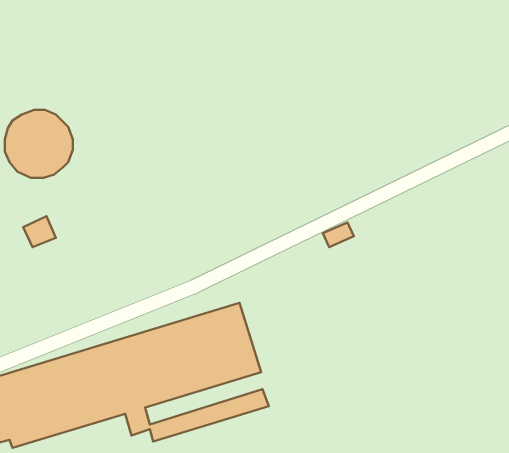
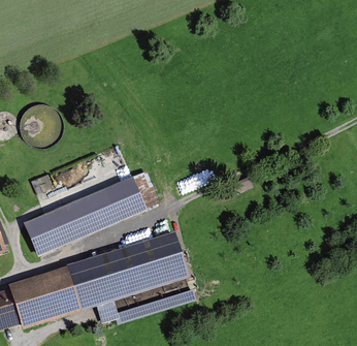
building: none -> [21,172,154,258]

